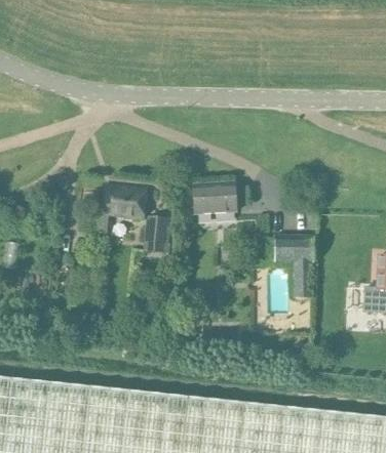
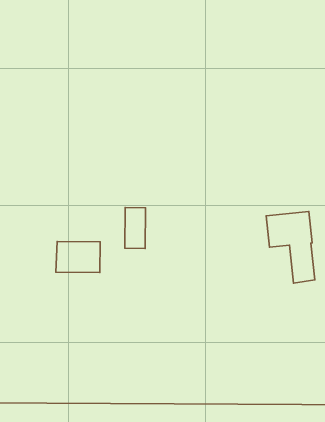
building: [193,183,235,213] -> none
building: [102,187,145,218] -> [56,242,100,272]

